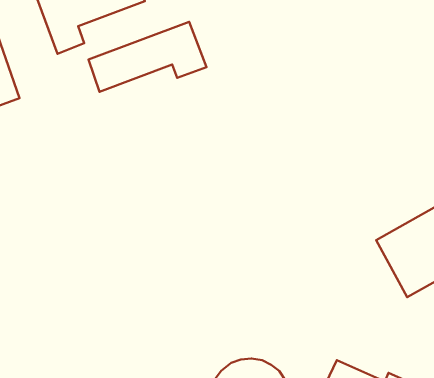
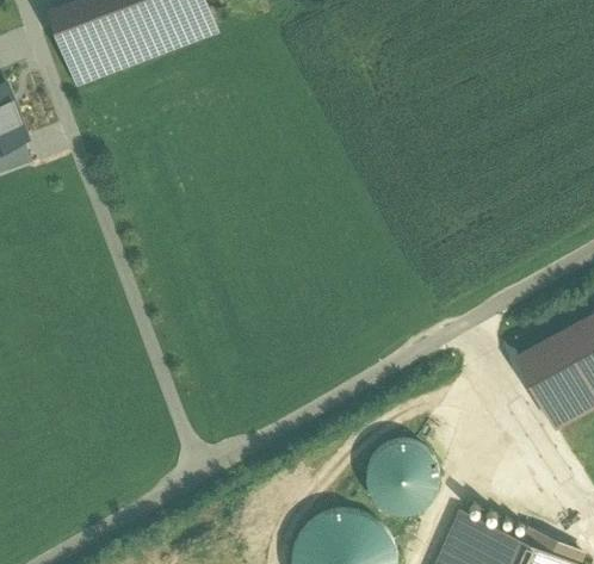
building: [89,22,207,92] -> none
building: none -> [364,441,438,515]

